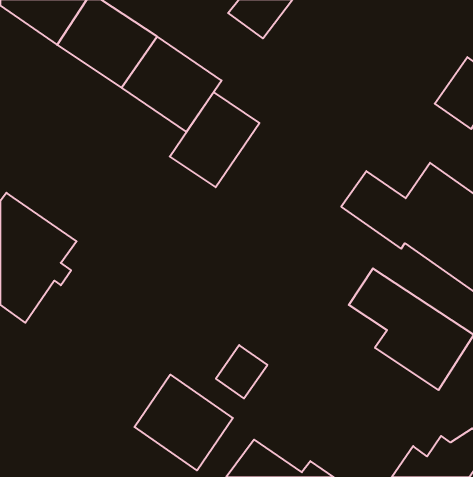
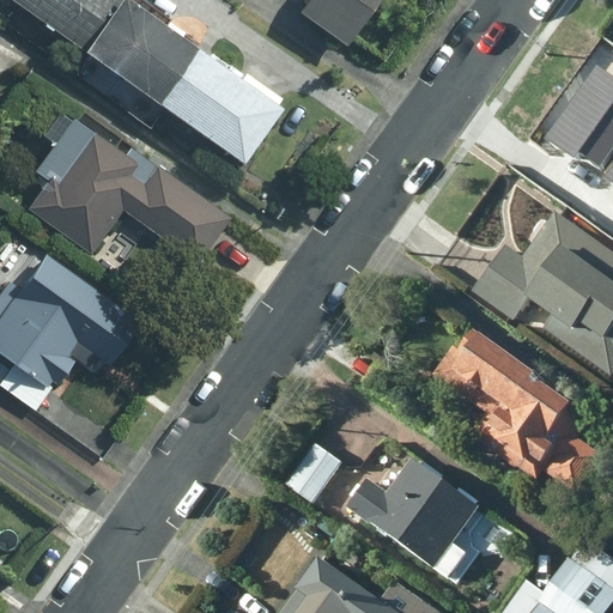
building: none -> [23,104,233,267]
building: [170,92,259,187] -> none
building: none -> [346,443,482,572]
building: [134,375,233,470] -> none

